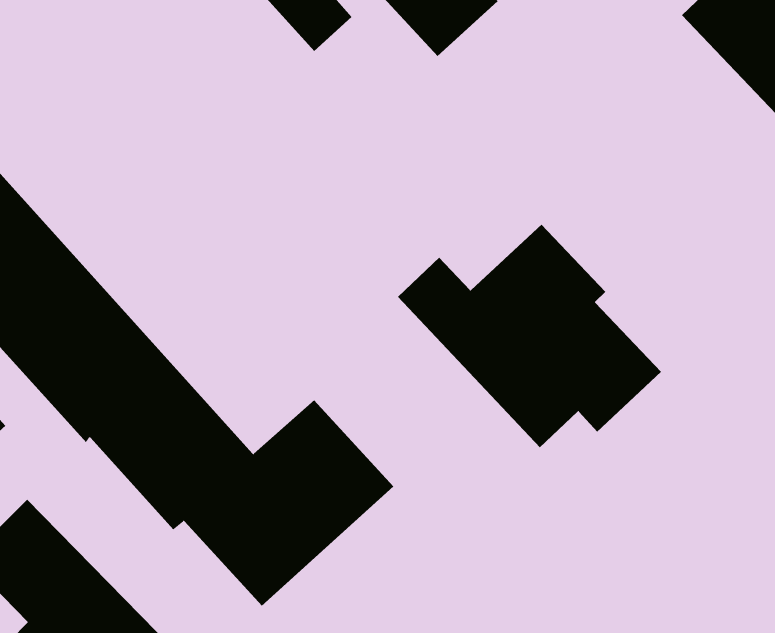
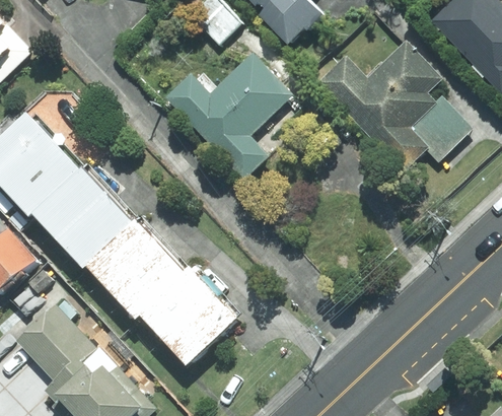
building: none -> [165,49,294,179]
building: [397,224,662,448] -> [319,40,474,170]

